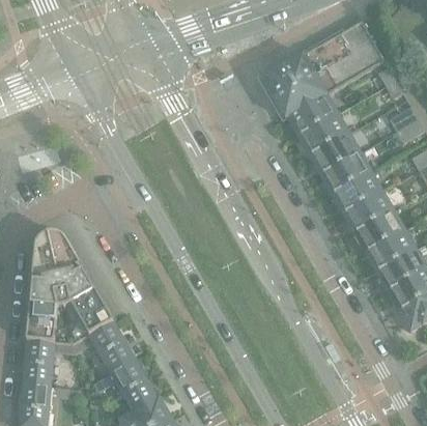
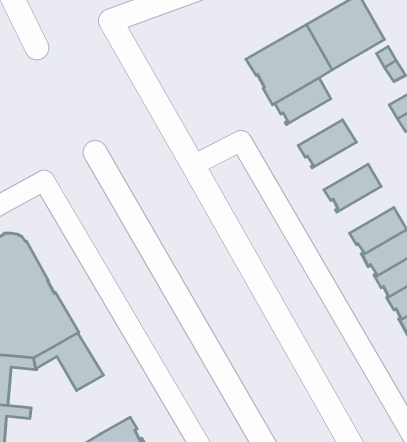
building: [297,113,347,154] -> none
building: [320,151,370,194] -> none
building: [342,191,393,232] -> none
building: [93,359,156,410] -> none

